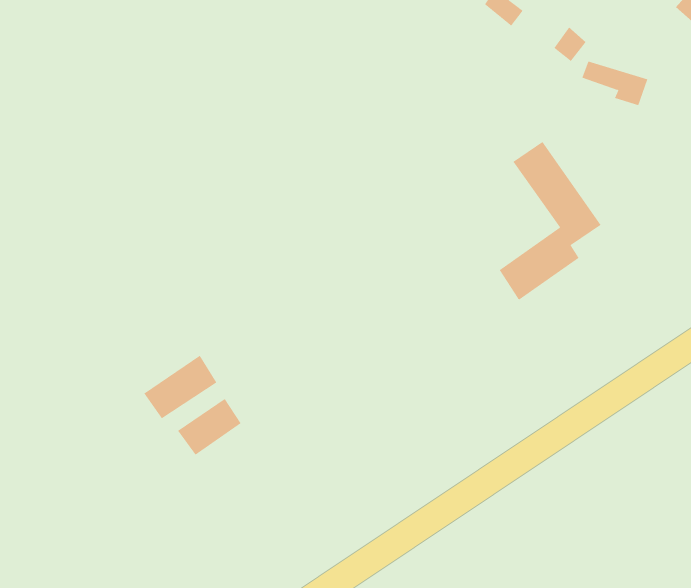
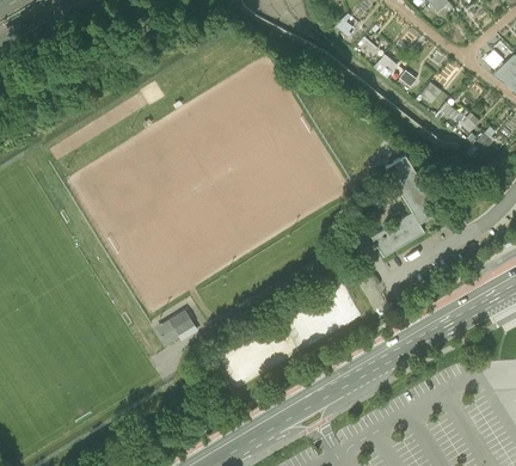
building: [144,355,217,419] -> none

